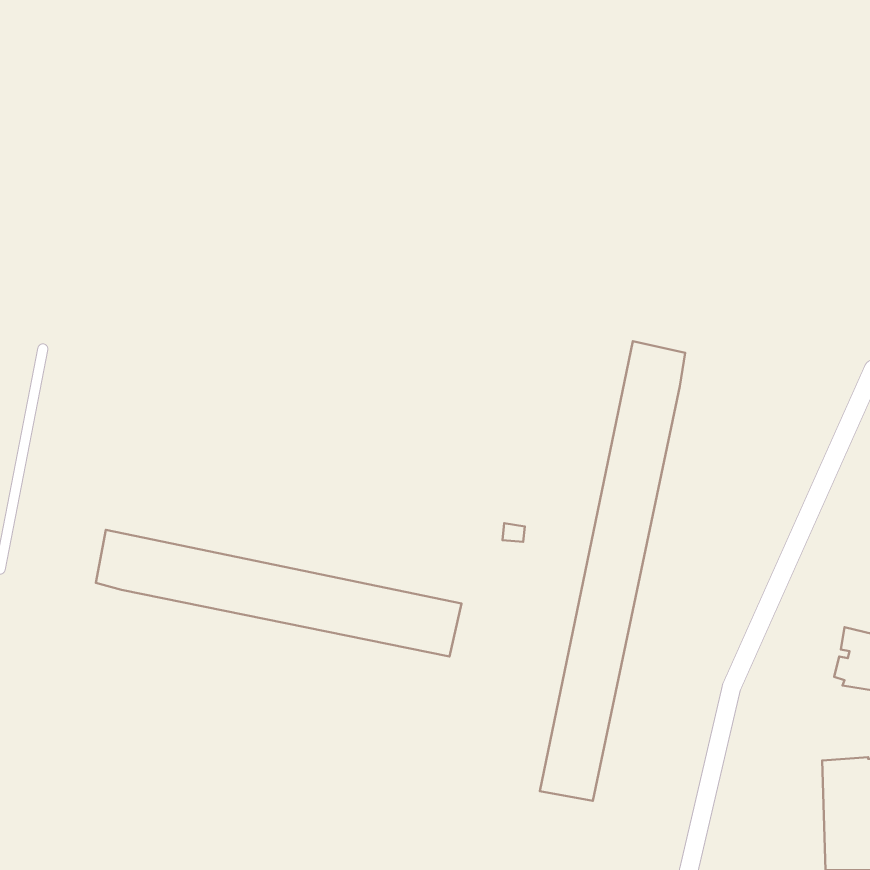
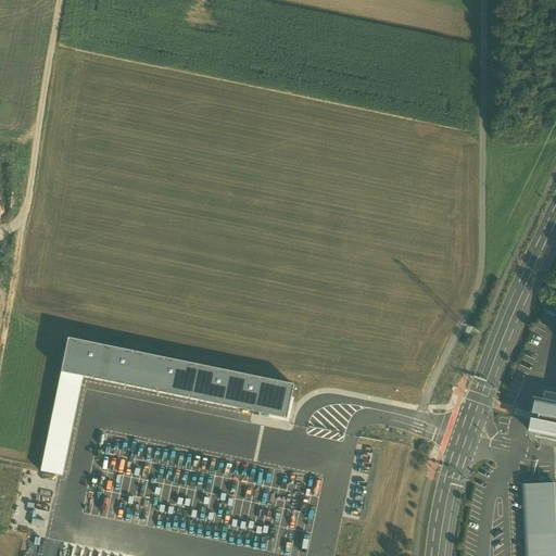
building: [540,341,685,801] -> none
building: none -> [42,370,79,473]

